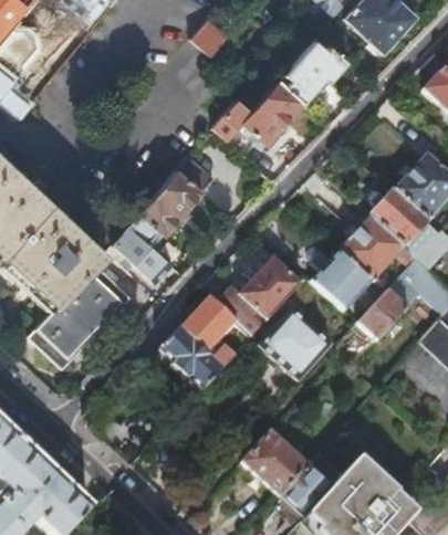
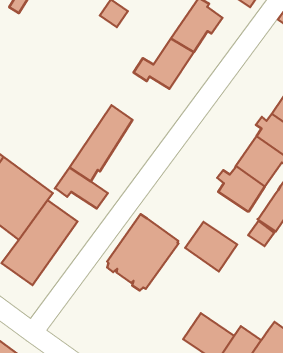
building: [218,258,302,335] -> none

